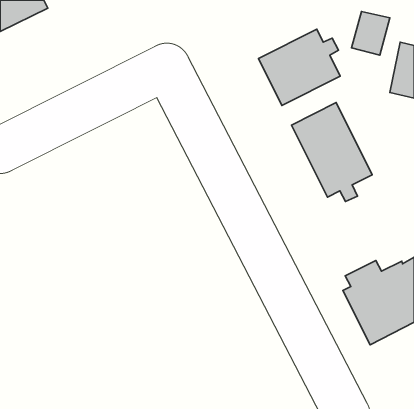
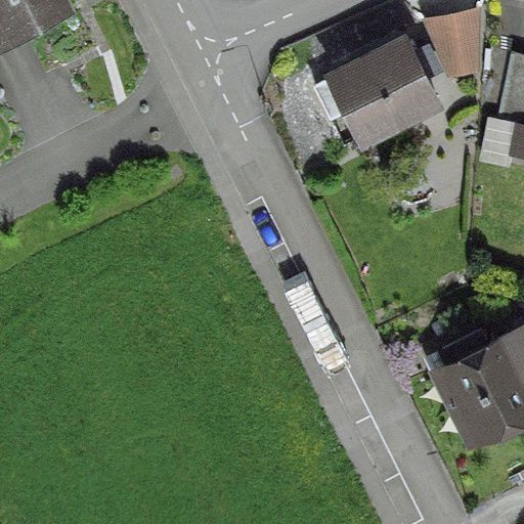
building: [292,103,372,202] -> none

